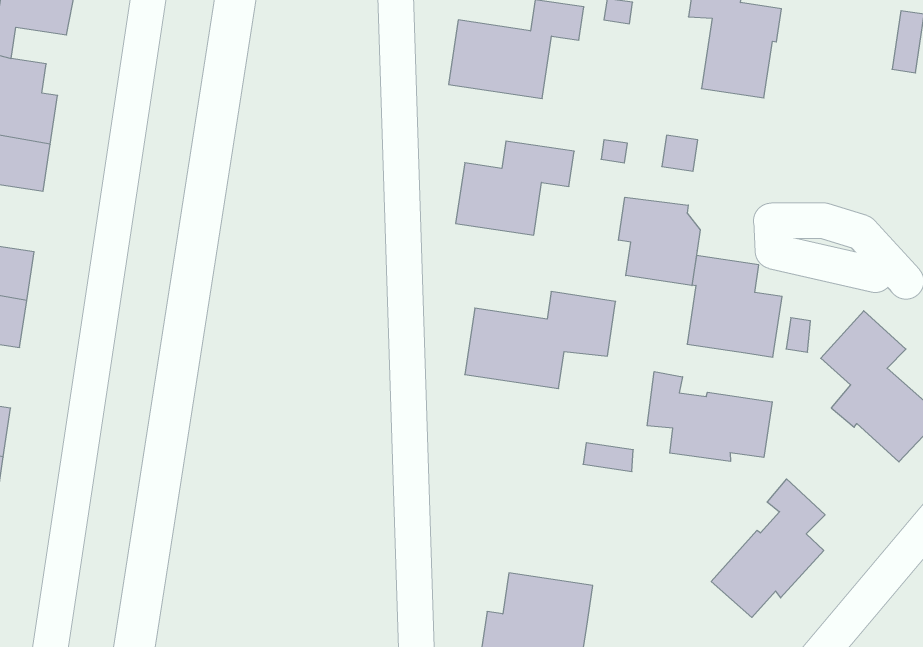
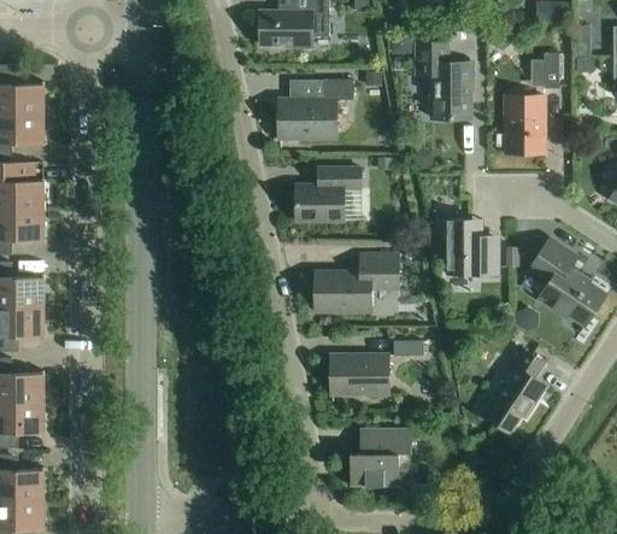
building: none -> [505,96,545,153]
building: [618,197,700,286] -> none
building: [647,372,772,461] -> none
building: none -> [331,354,388,394]

